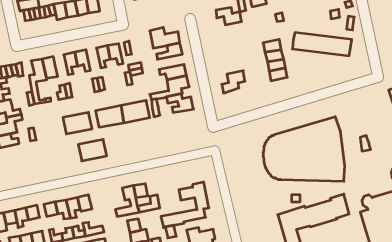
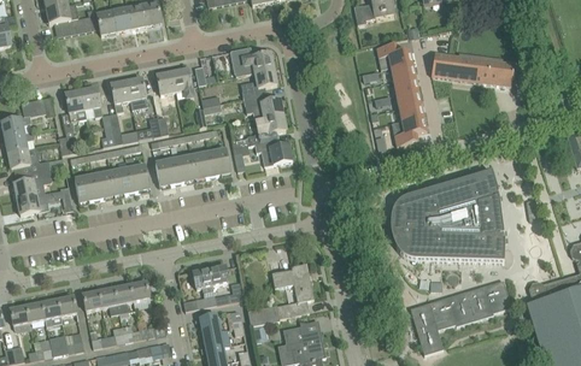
building: [216,8,242,25] -> [376,43,412,67]
building: [222,71,245,93] -> [393,116,426,147]
building: [78,139,107,161] -> [74,172,113,202]

